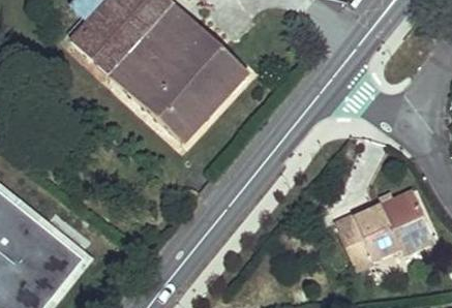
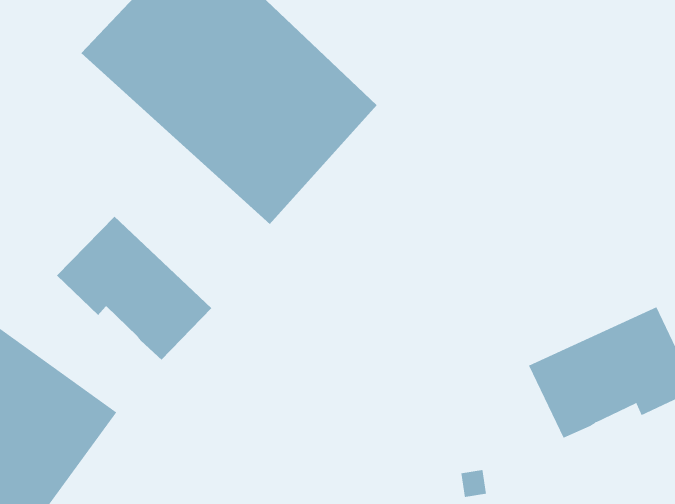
building: none -> [56,216,212,360]

